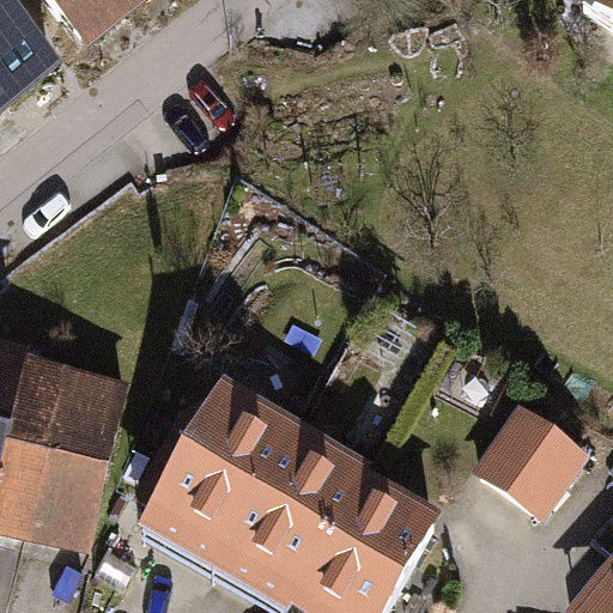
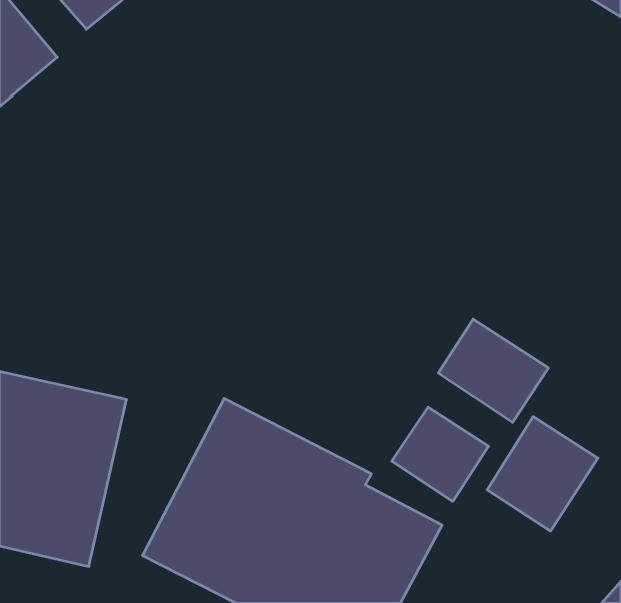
building: none -> [438,319,548,422]
building: none -> [392,407,489,501]

